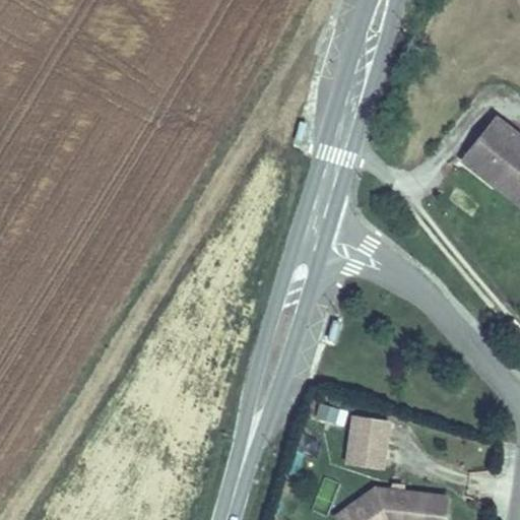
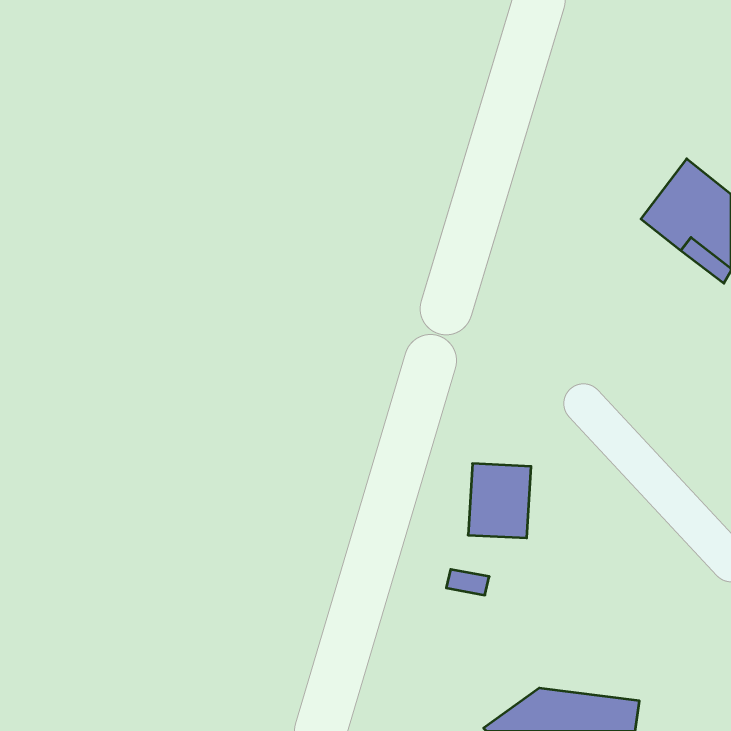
building: [346,414,391,467] -> [468,464,531,538]

